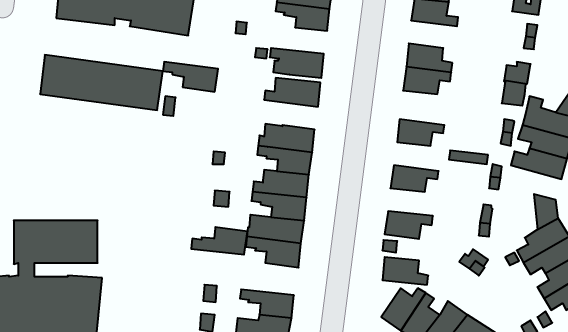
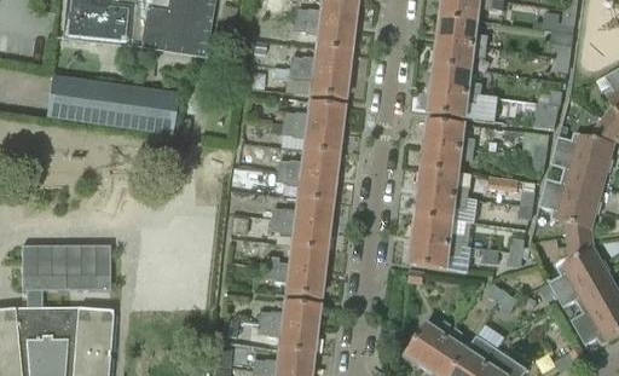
building: none -> [436,39,487,68]
building: none -> [291,46,351,74]
building: [163,62,218,92] -> [283,122,341,154]
building: none -> [427,117,475,149]
building: none -> [421,167,469,197]
building: none -> [540,191,597,227]
building: [191,227,247,255] -> [260,299,319,328]
building: [382,257,428,285] -> [415,215,463,244]

